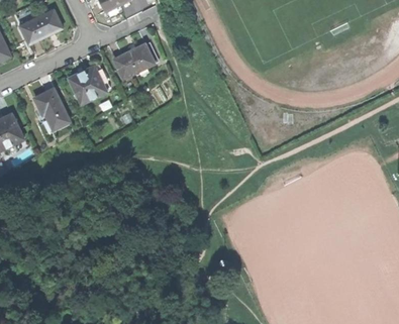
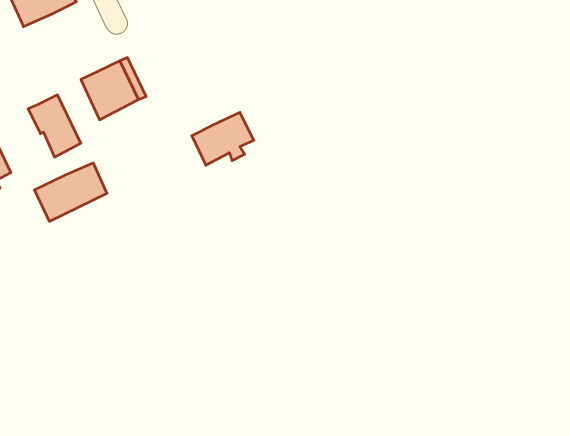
building: [113,43,154,78] -> [192,112,254,165]
building: none -> [34,163,107,221]

